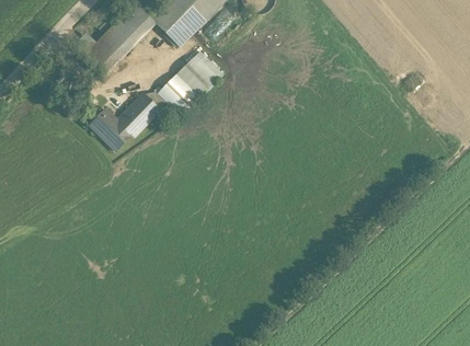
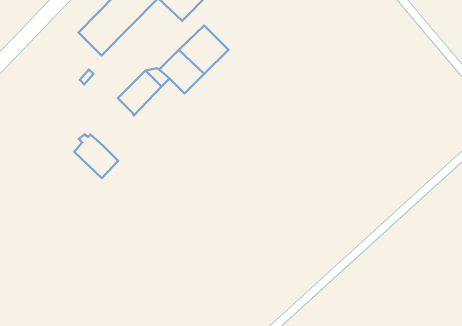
building: [90,108,131,150] -> [74,134,118,178]

